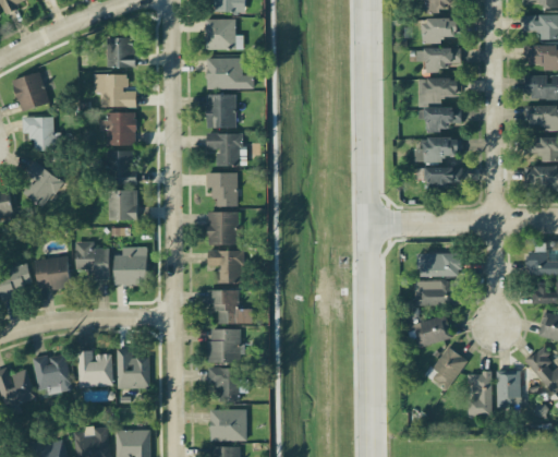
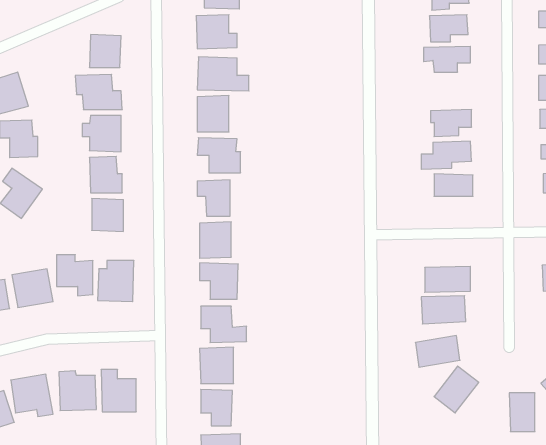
building: [418,79,459,104] -> none
building: [468,373,492,414] -> none

